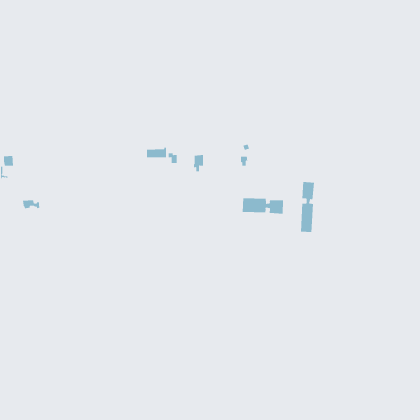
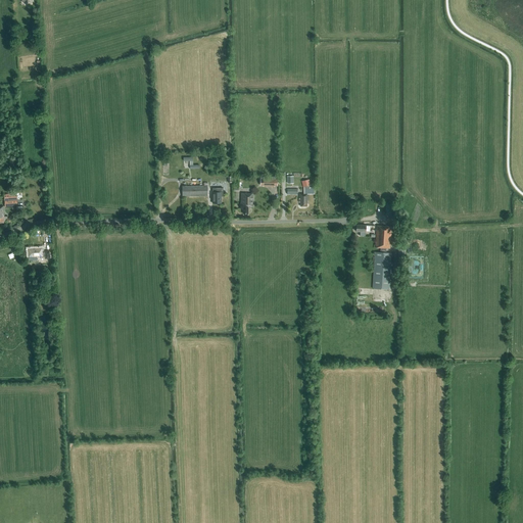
building: [242,197,284,214] -> none

